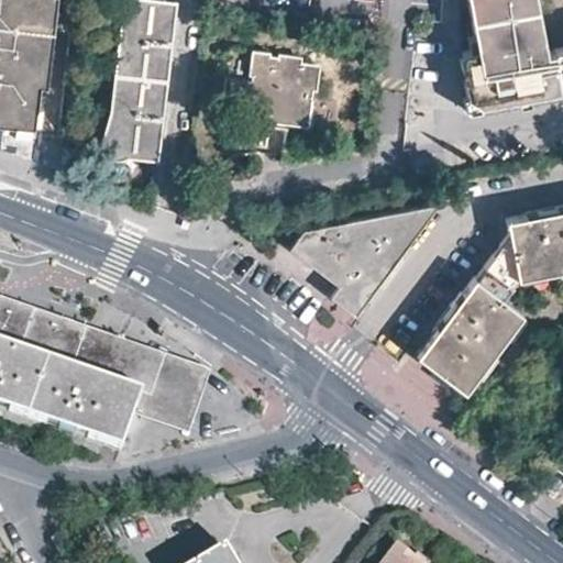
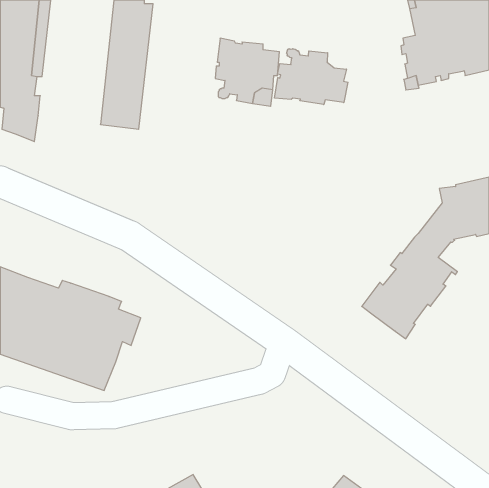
building: none -> [275,49,348,105]
building: [290,201,440,312] -> none
building: [133,347,209,435] -> none

